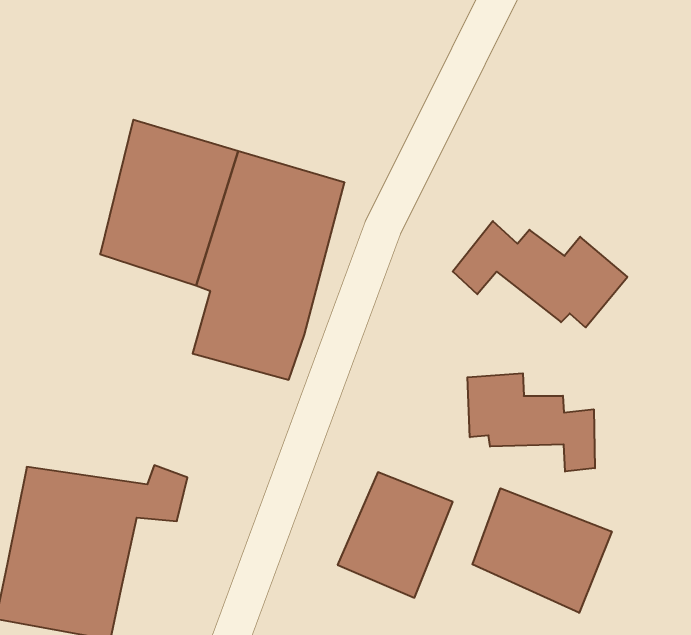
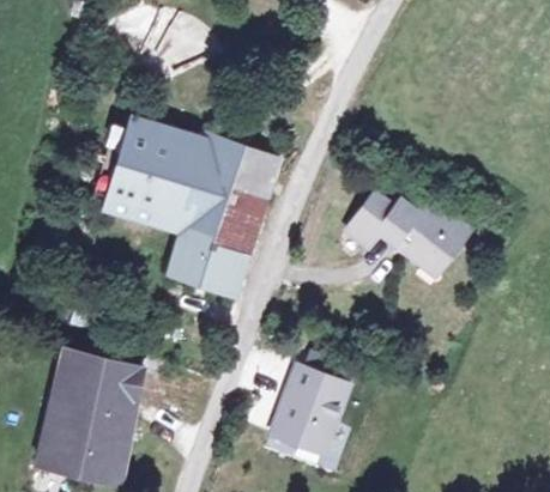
building: [467,373,595,472] -> none
building: [472,488,612,613] -> none

